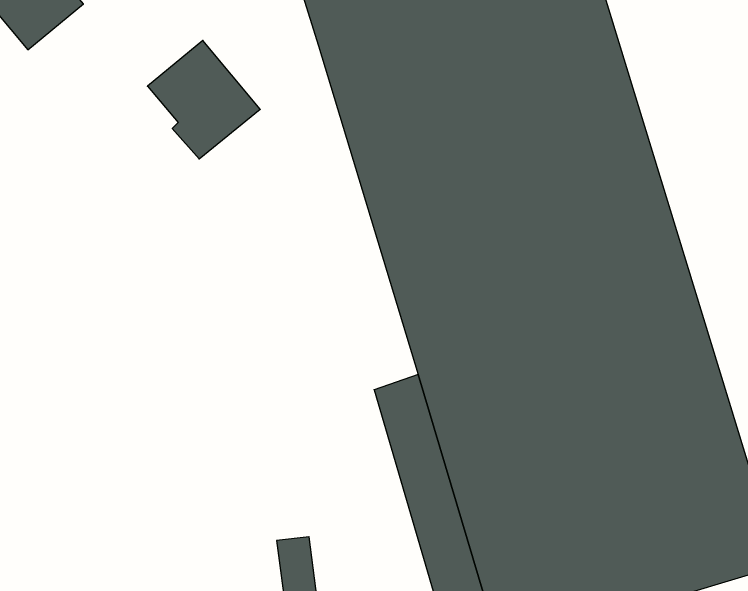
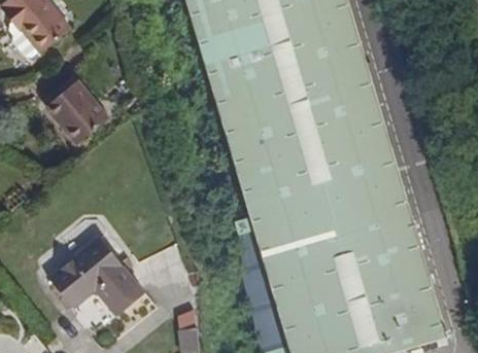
building: [147,40,260,159] -> [50,78,111,142]
building: none -> [41,247,136,325]

